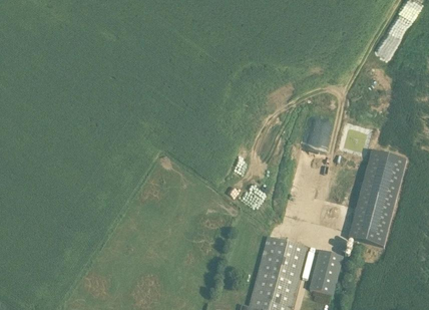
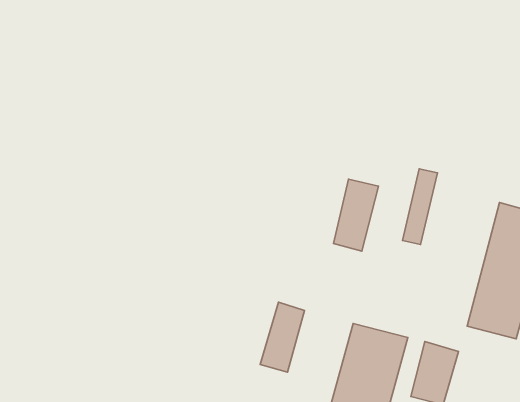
building: none -> [334,179,379,251]
building: none -> [260,302,304,372]

